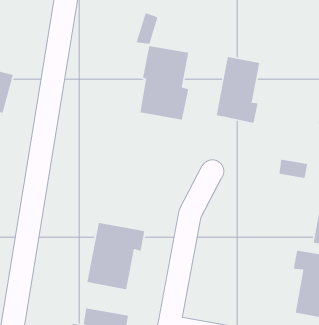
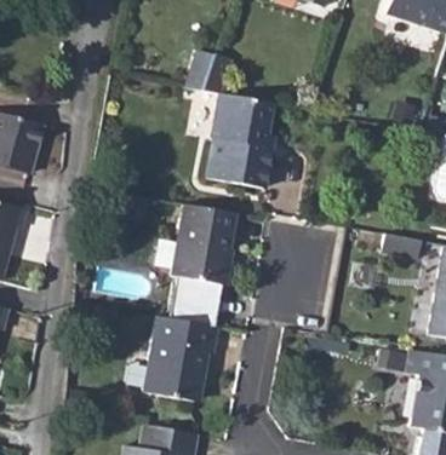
building: [216,56,260,124] -> none
building: none -> [168,202,234,323]

